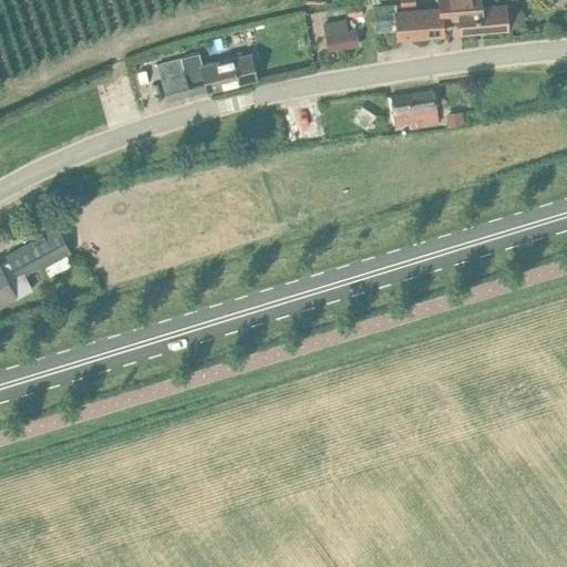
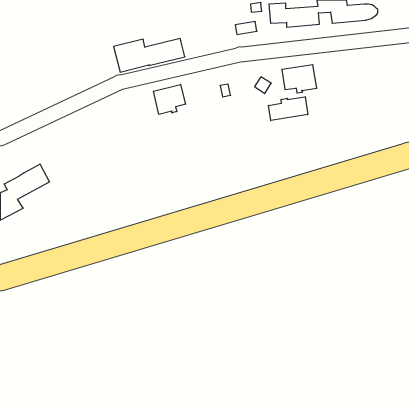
building: none -> [153,84,185,114]
building: none -> [268,97,308,121]

